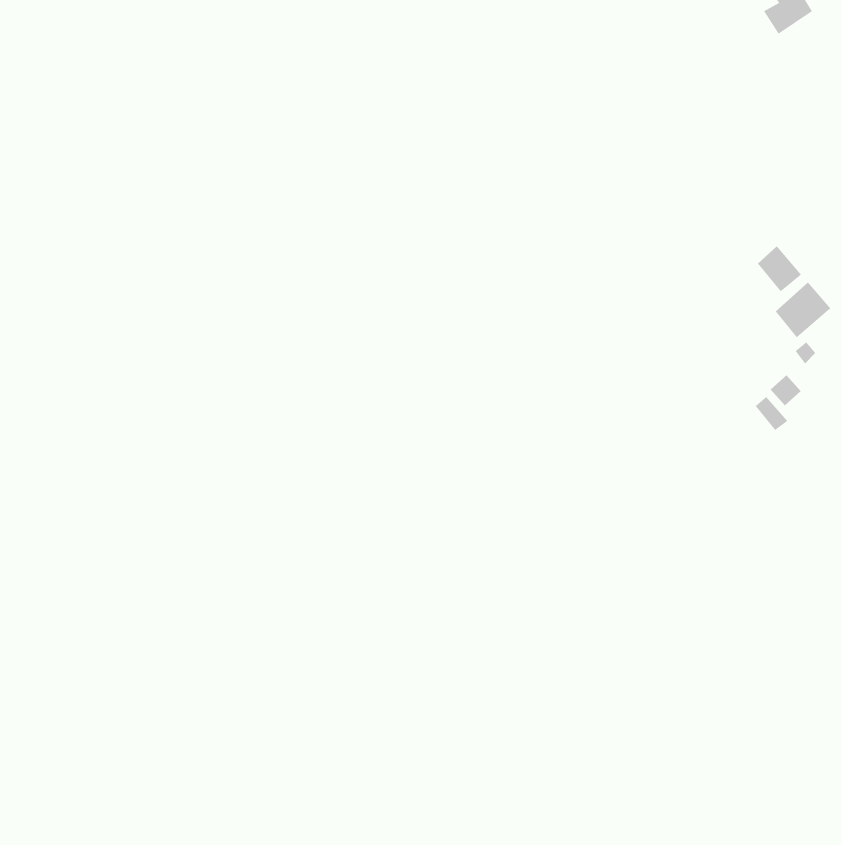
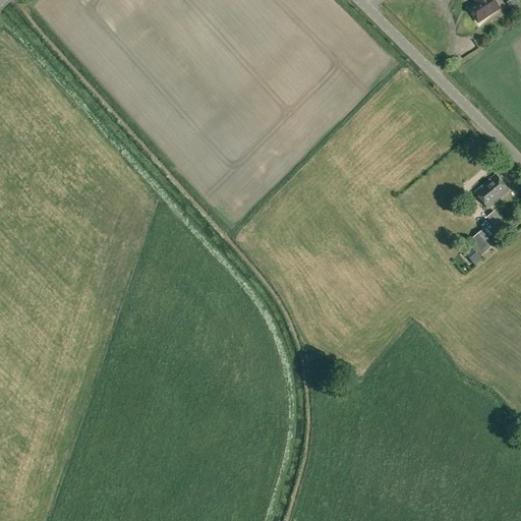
building: [757,246,802,292] -> none

